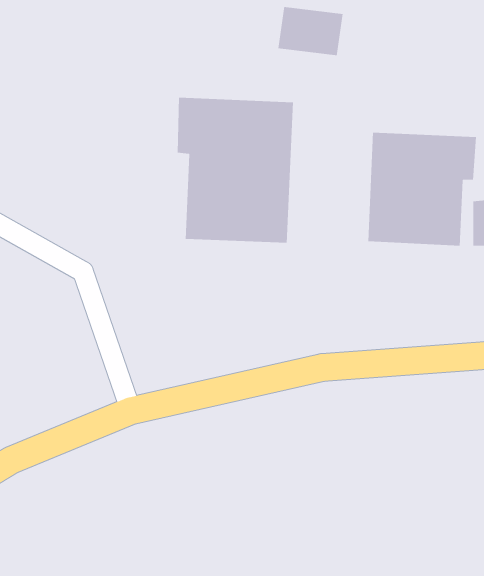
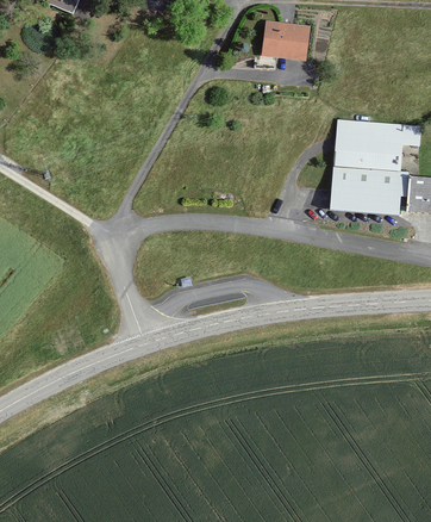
building: [177,97,293,243] -> none

